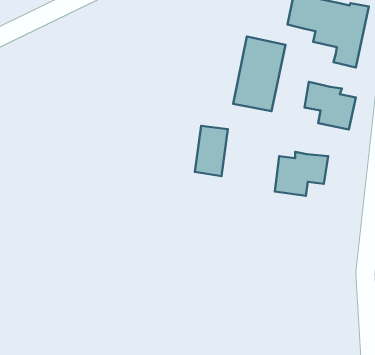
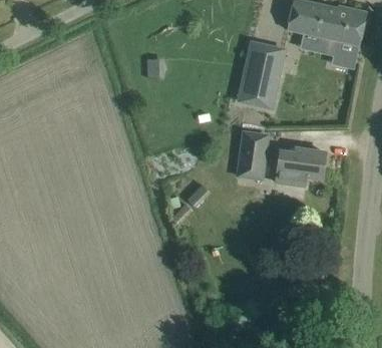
building: [304,82,356,129] -> none
building: [195,126,228,176] -> [237,131,268,179]

